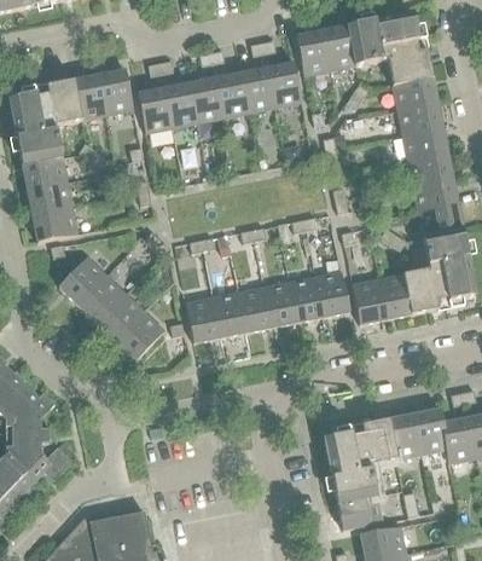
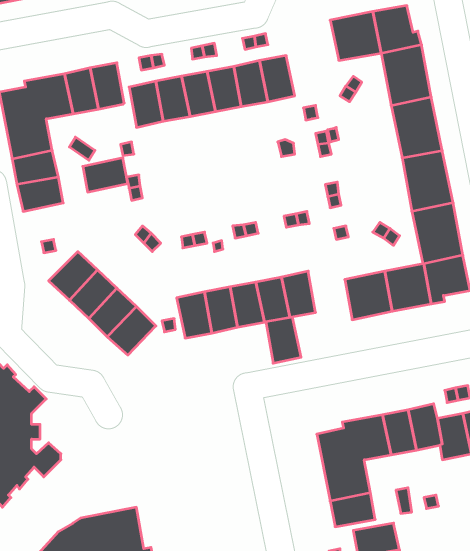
building: [296,27,345,75] -> none
building: [33,208,77,242] -> [83,158,128,192]
building: [315,271,350,317] -> [266,317,301,363]

